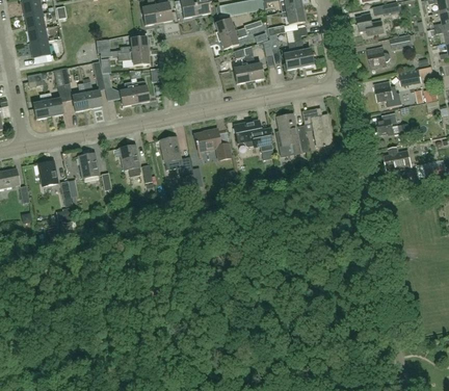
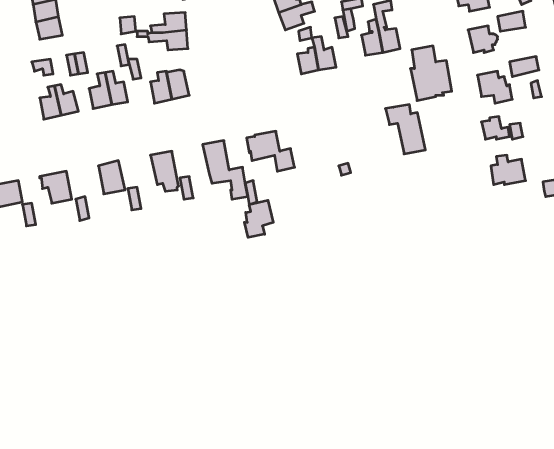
building: [276,114,309,157] -> [410,46,452,101]
building: [235,121,273,152] -> none
building: none -> [244,200,273,237]

